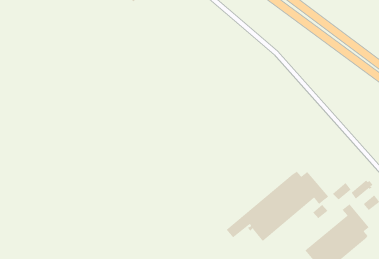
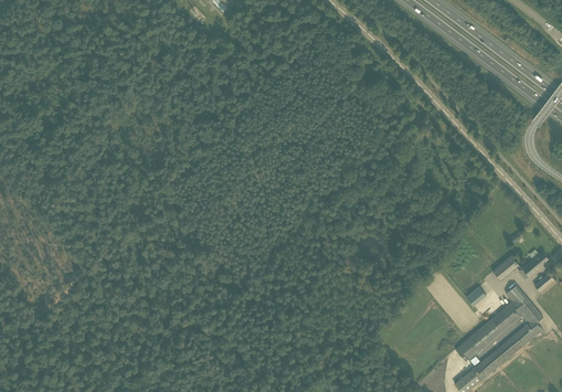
building: [226,171,329,242] -> none

